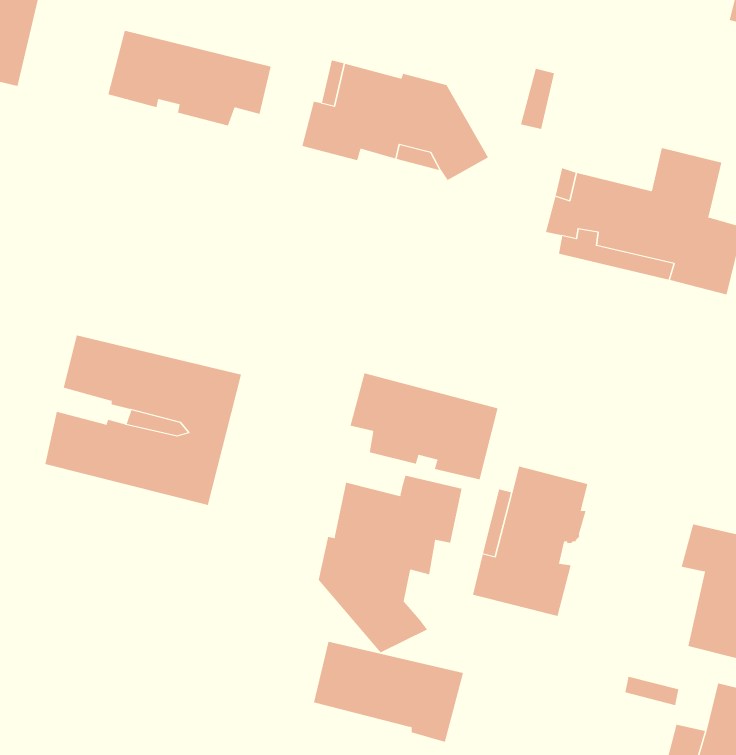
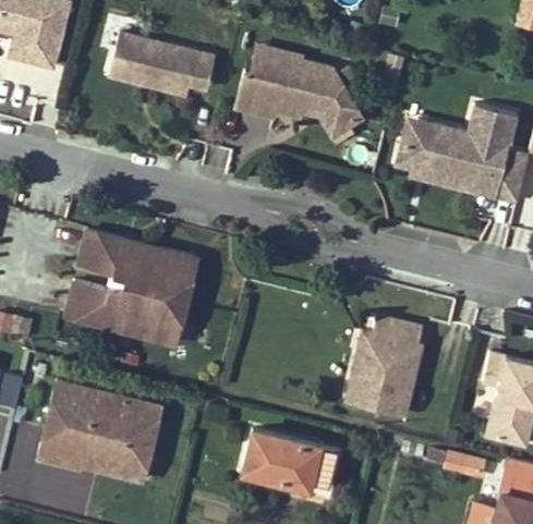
building: [350,373,498,480] -> none
building: [318,475,462,653] -> none
building: none -> [43,385,165,485]

